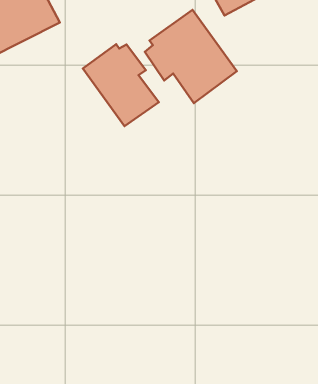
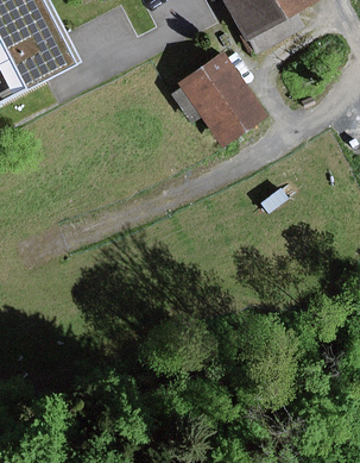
building: [83,44,159,126] -> none

